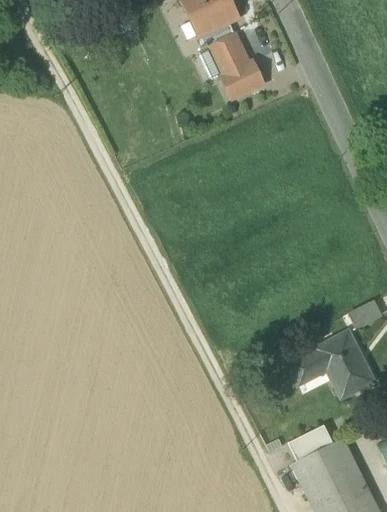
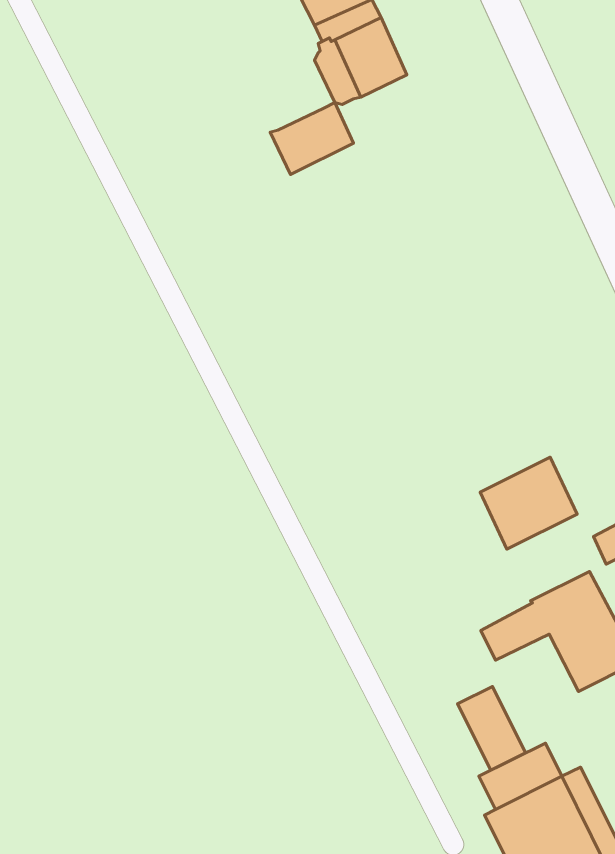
building: [221,61,266,100] -> [270,103,353,175]
building: none -> [480,457,577,549]
building: none -> [458,686,526,770]

